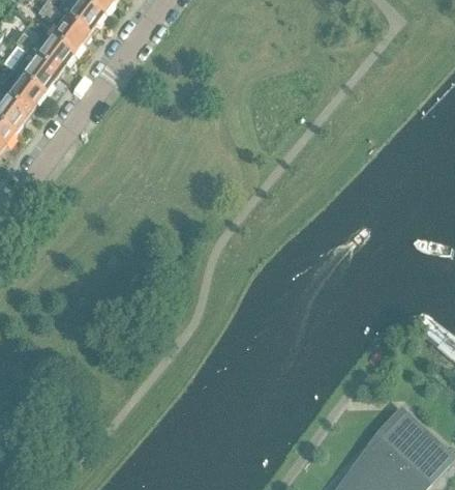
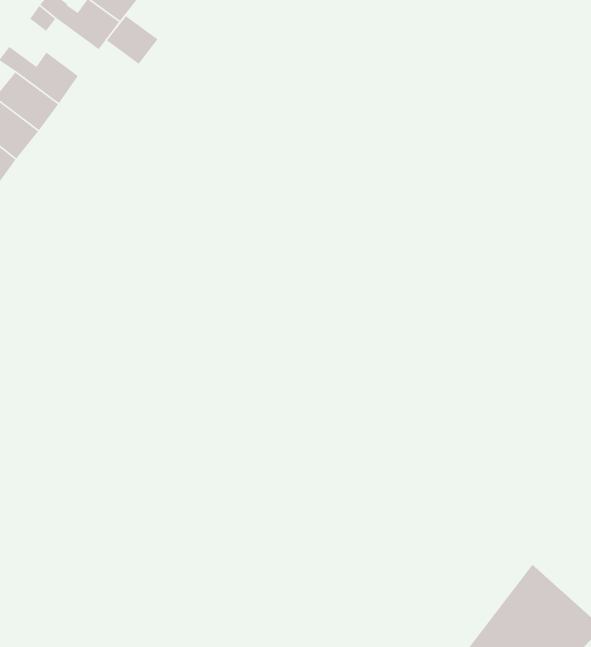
building: [48,20,86,56] -> [106,15,159,65]

